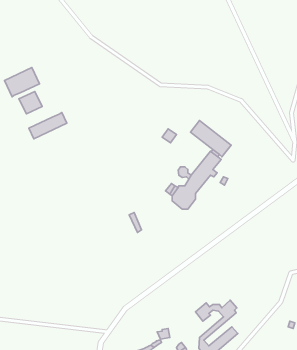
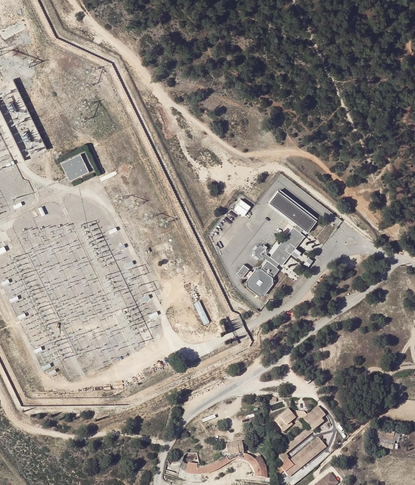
building: [4,68,39,97] -> none
building: [29,113,67,139] -> none

